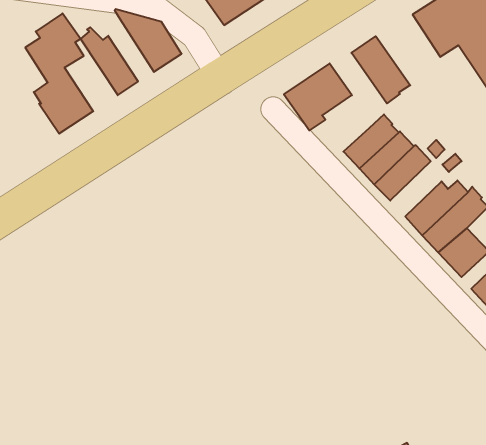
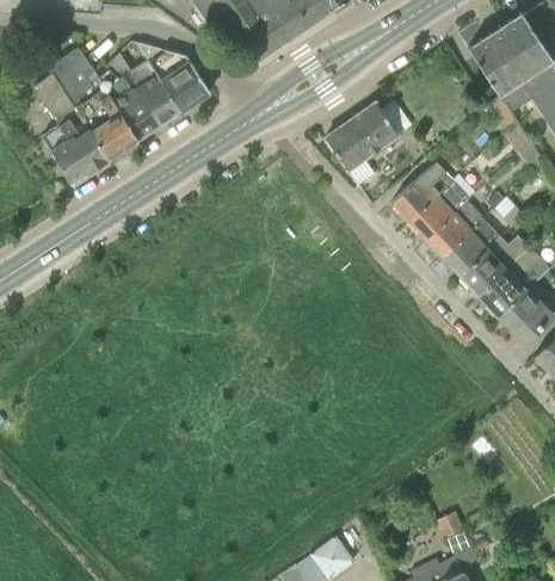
building: none -> [107,54,179,124]
building: [351,36,410,103] -> none
building: none -> [79,76,138,157]
building: none -> [444,214,501,276]

